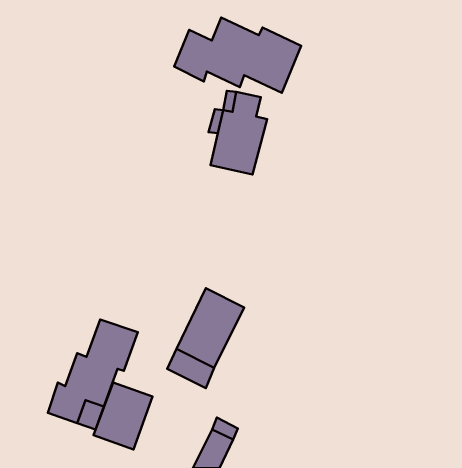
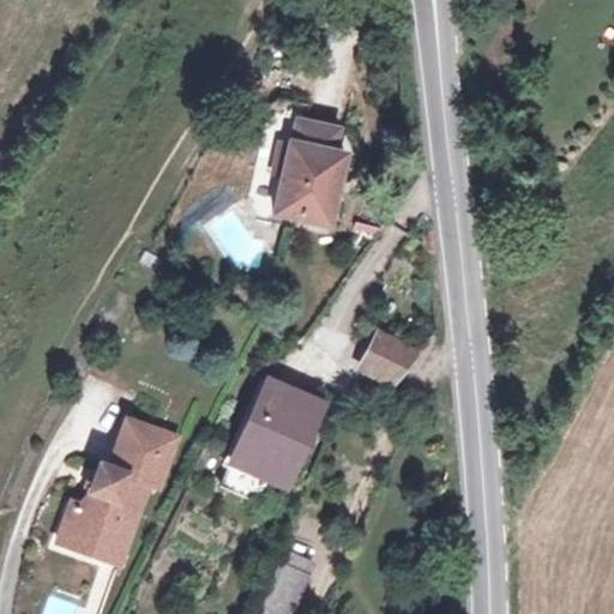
building: [174,18,301,93] -> none
building: none -> [357,331,415,384]
building: [93,383,153,449] -> none

